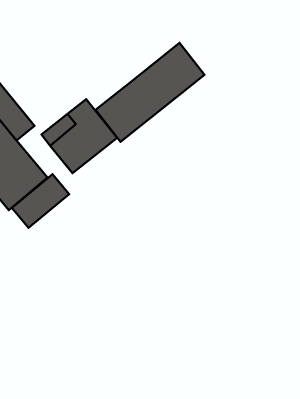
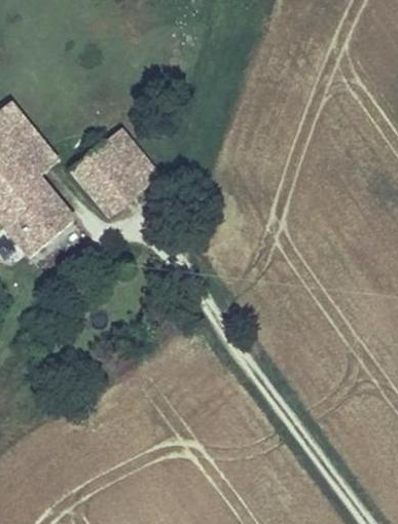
building: [95,43,204,142] -> none
building: [12,174,69,228] -> none

